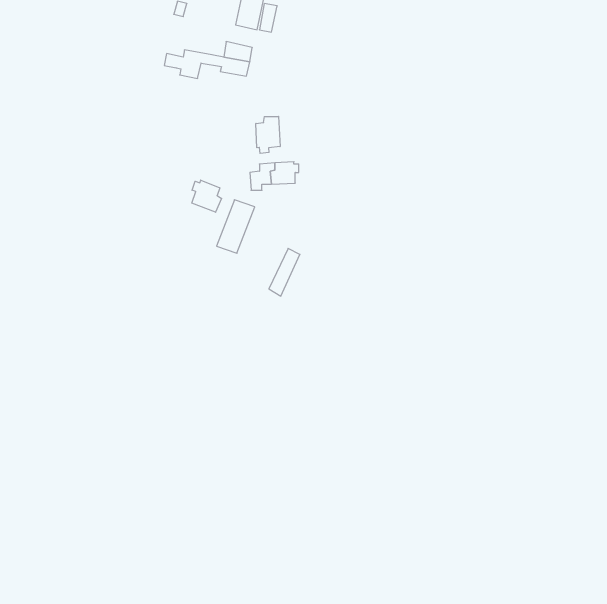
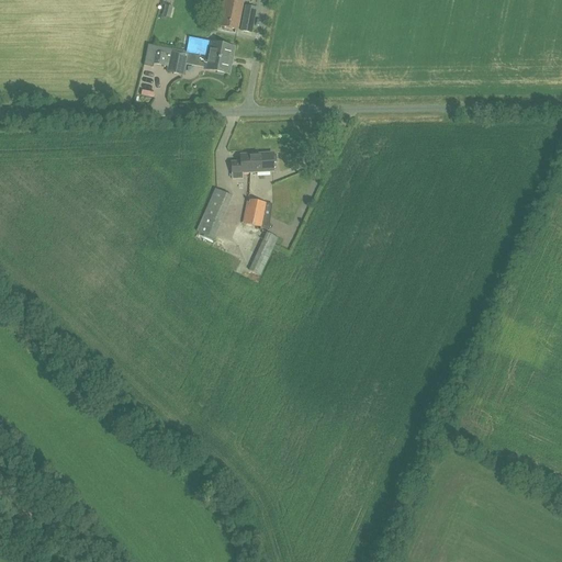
building: [256,116,280,153] -> none
building: [192,180,222,212] -> none
building: none -> [241,198,271,225]

